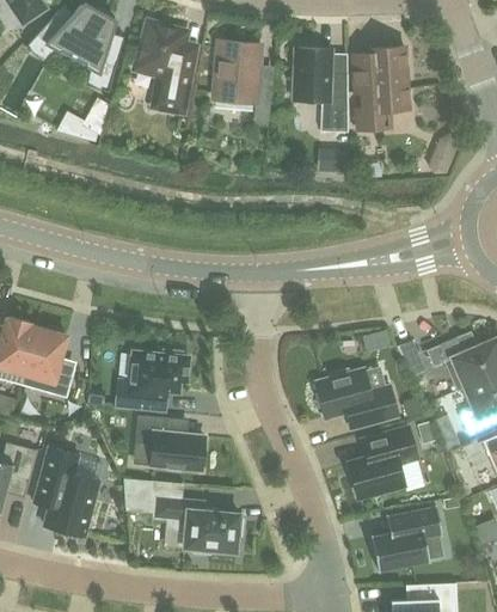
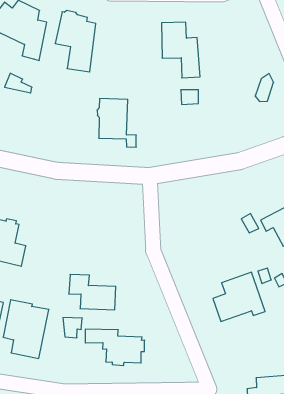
building: [214,41,270,116] -> [97,99,136,147]
building: [351,47,407,129] -> none
building: [115,349,188,411] -> none
building: [315,368,398,428] -> none
building: [370,507,442,570] -> none

